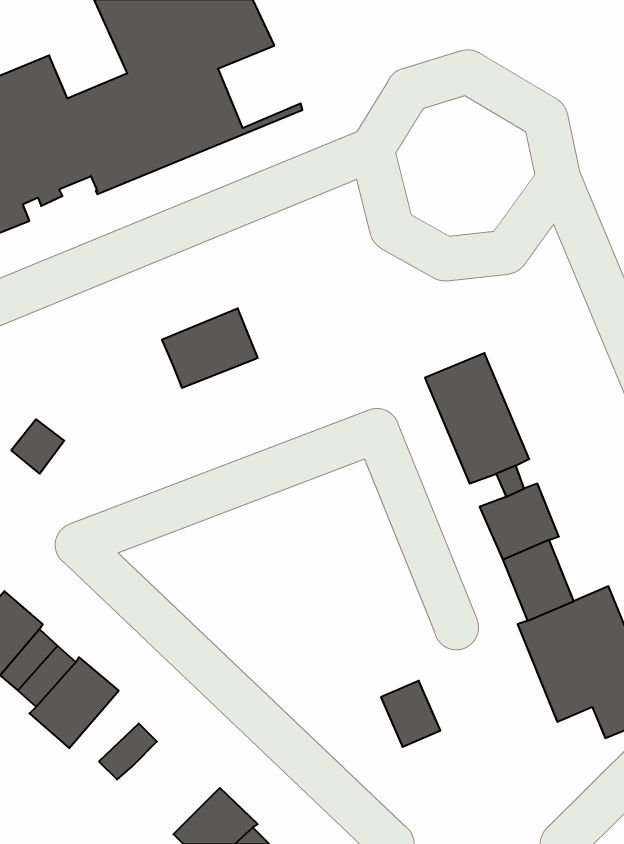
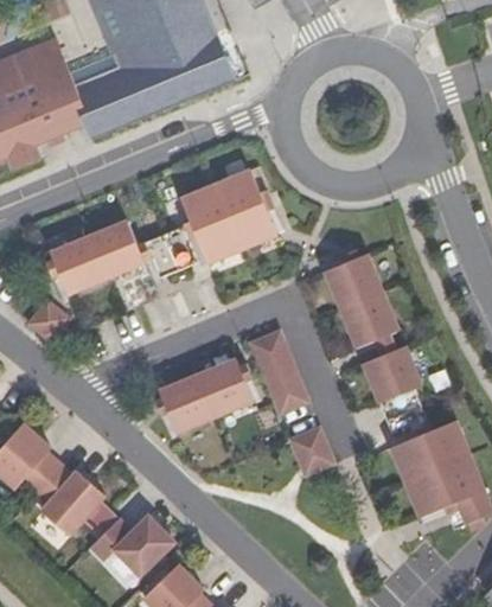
building: none -> [175,33,235,92]
building: none -> [179,170,275,262]
building: none -> [49,219,142,293]
building: none -> [251,332,307,414]
building: none -> [159,360,253,433]
building: [381,681,440,747] -> [290,428,333,475]
building: none -> [114,517,174,576]

